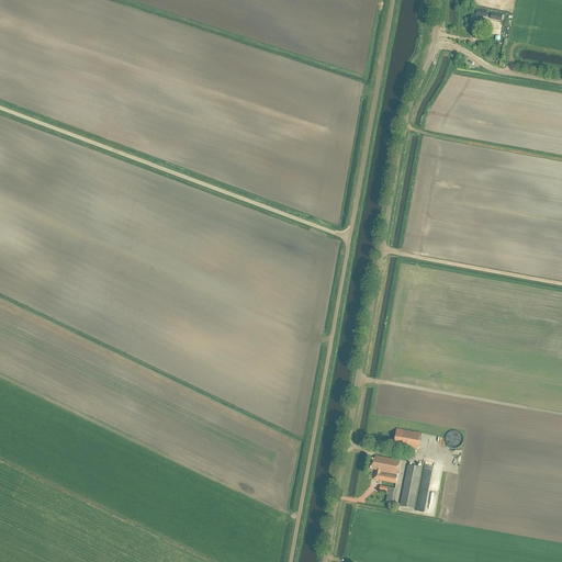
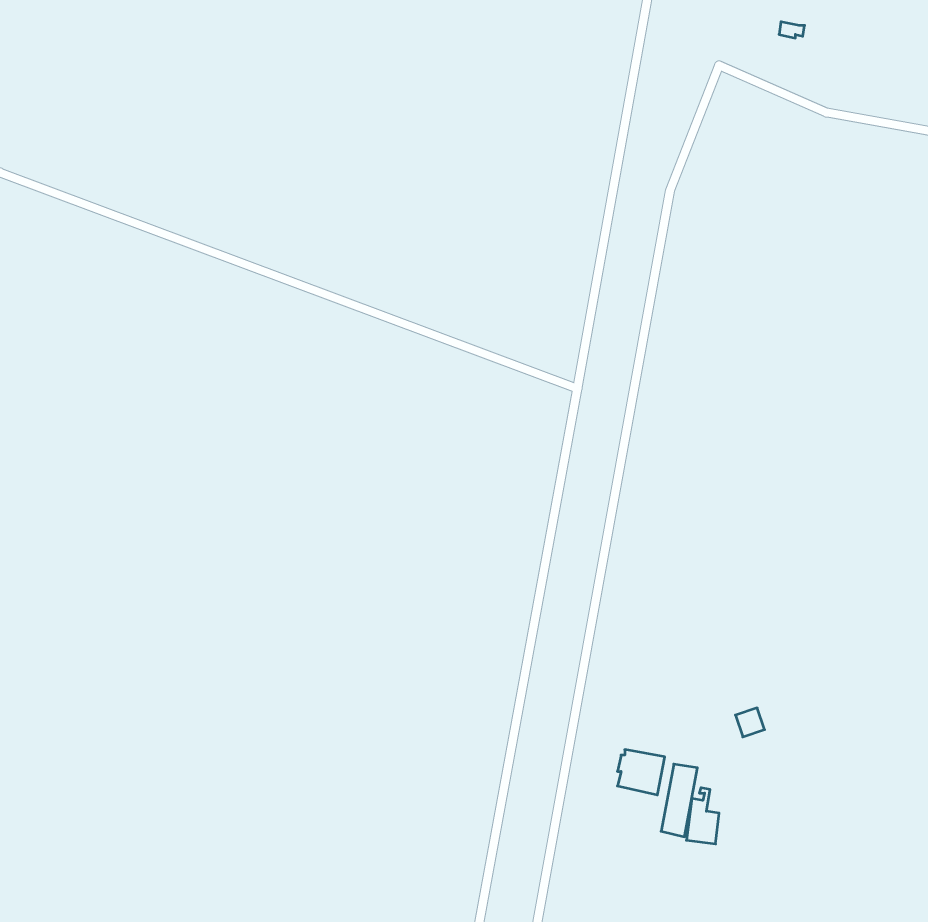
building: [394,426,420,448] -> none

